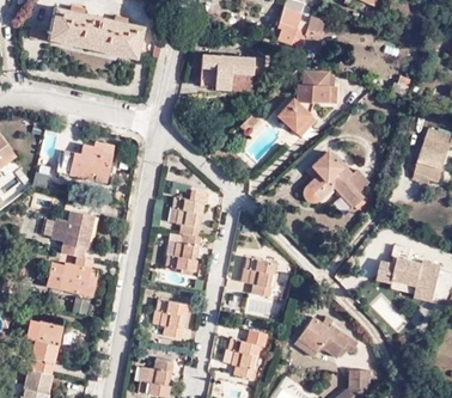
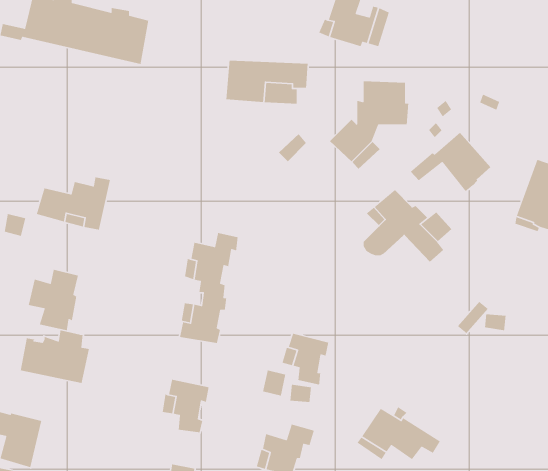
building: none -> [410,132,491,192]
building: [377,268,435,301] -> none

